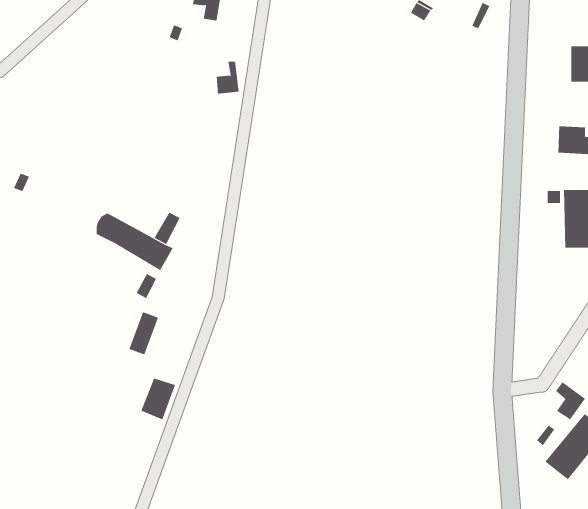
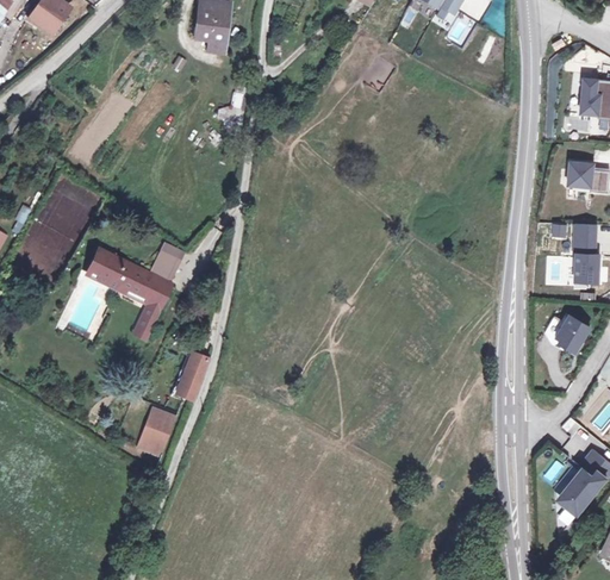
building: none -> [548,312,590,354]
building: [128,312,159,355] -> [180,354,211,398]

